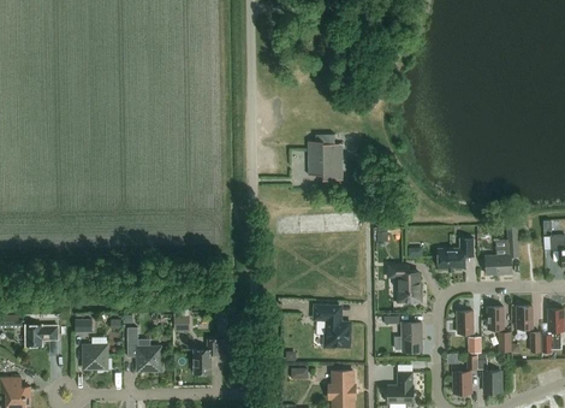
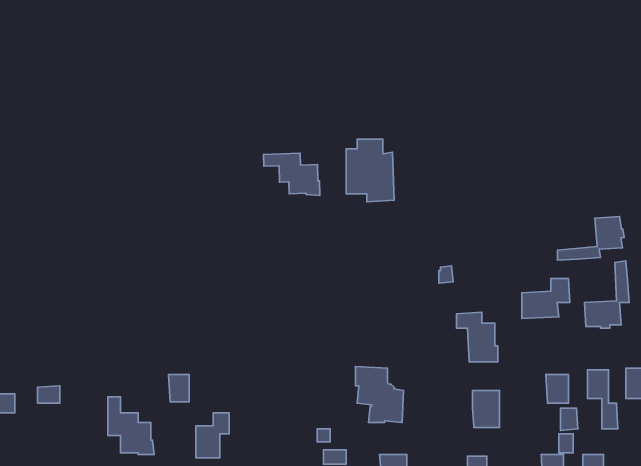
building: none -> [263,153,320,196]
building: none -> [557,217,624,260]
building: [83,344,108,369] -> none

